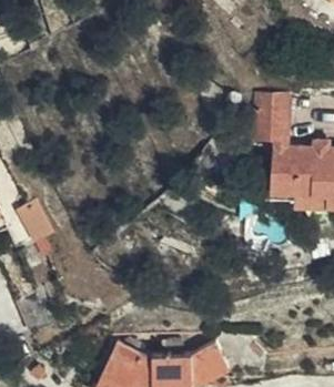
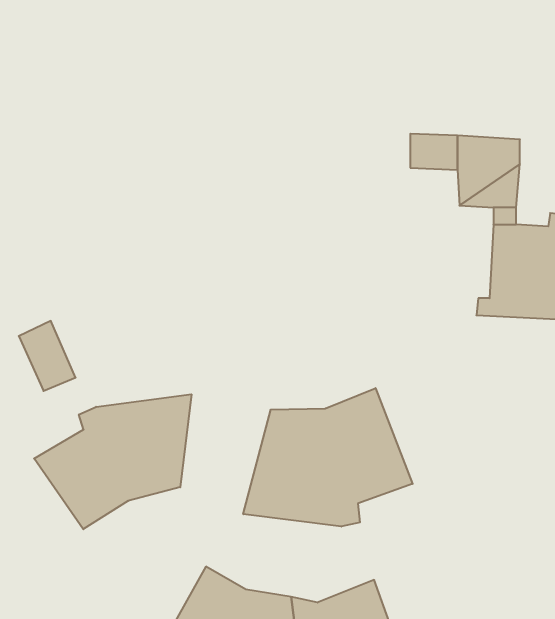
building: none -> [243,388,413,527]
building: none -> [34,394,191,529]

